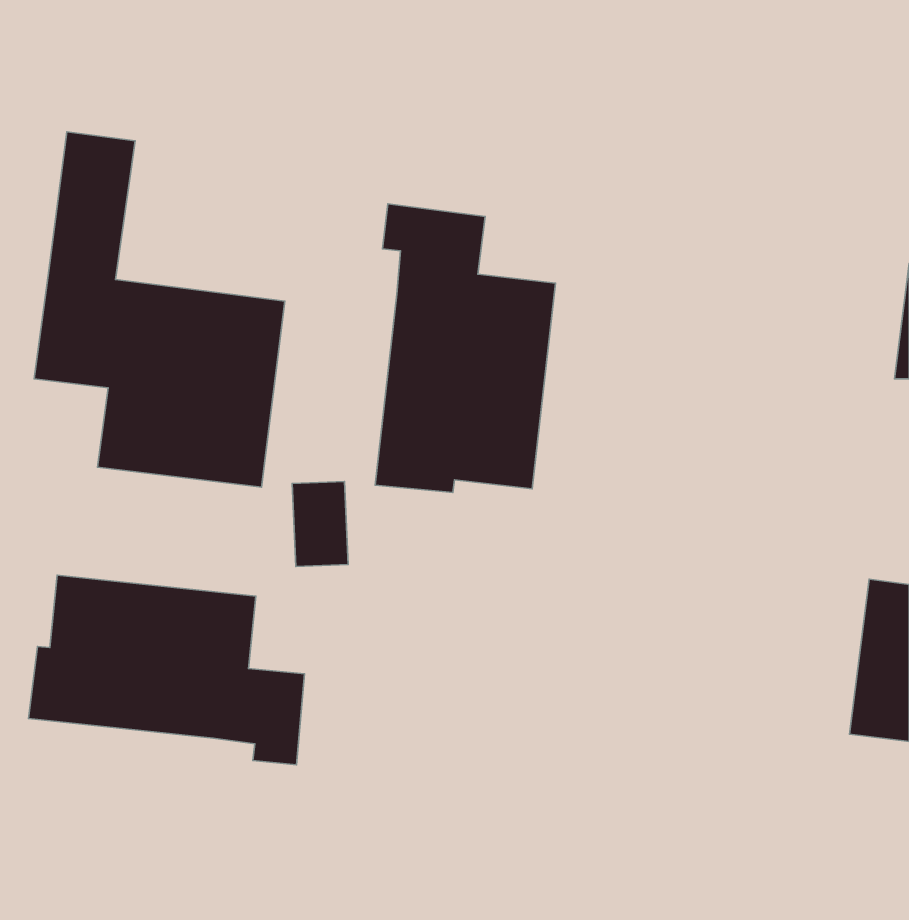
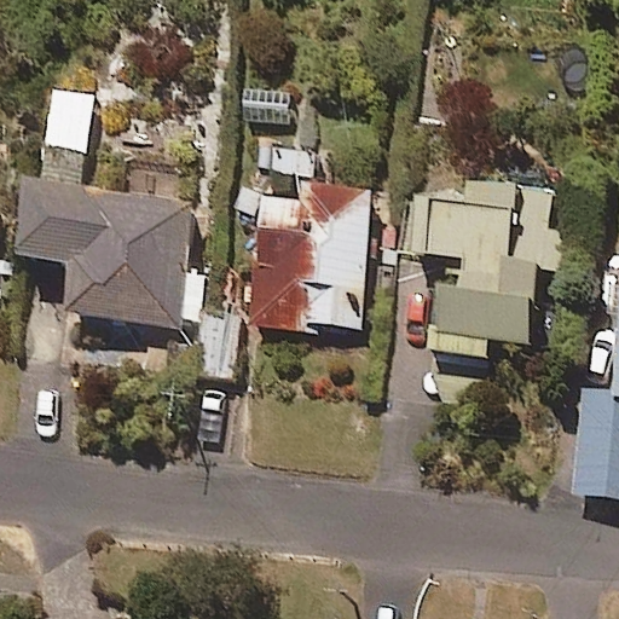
building: none -> [415,178,569,355]
building: [28,575,304,765] -> none

